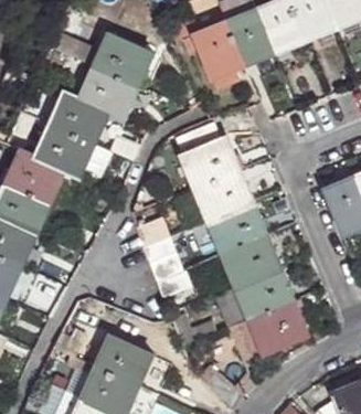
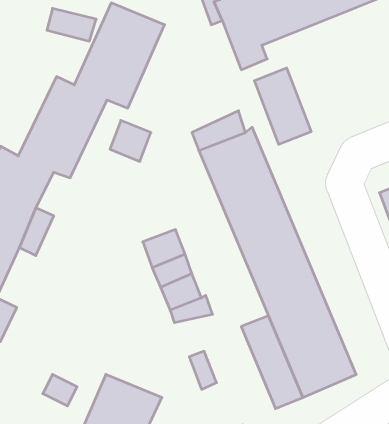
building: none -> [254,68,311,144]

